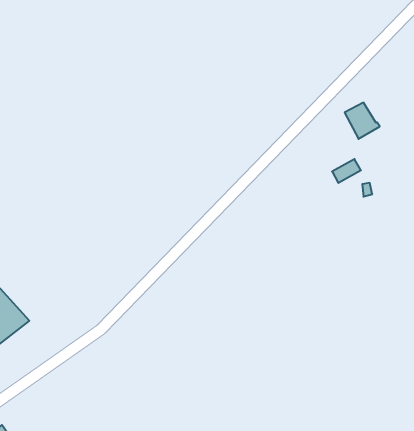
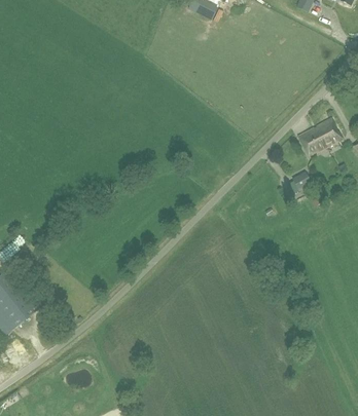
building: none -> [314,116,344,146]

